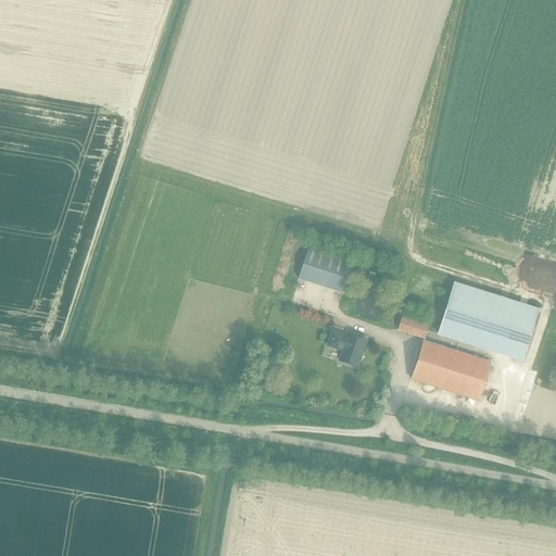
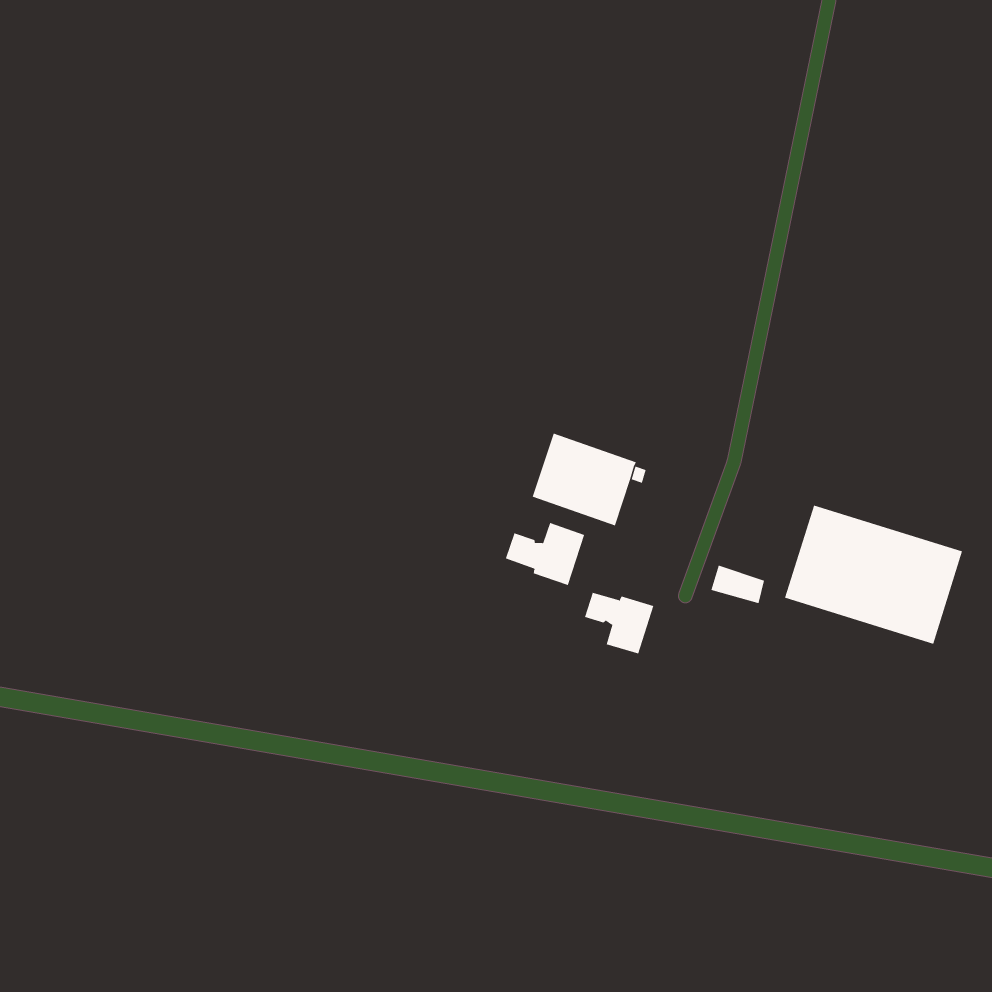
building: none -> [505,522,585,586]
building: [412,341,490,400] -> none

